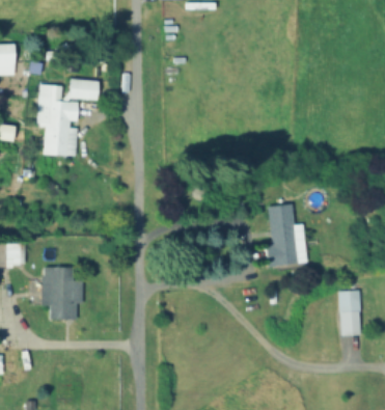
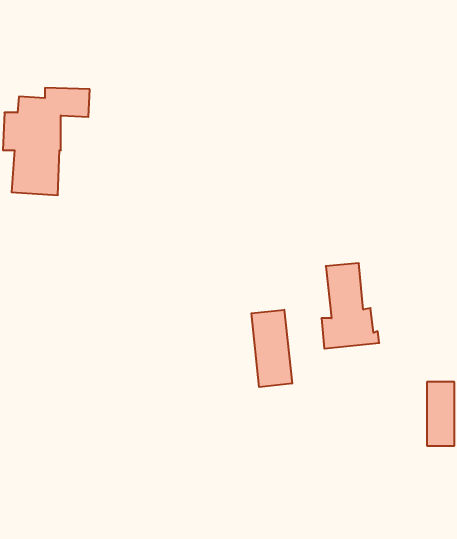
building: none -> [251,310,292,387]
building: [42,266,81,318] -> none

